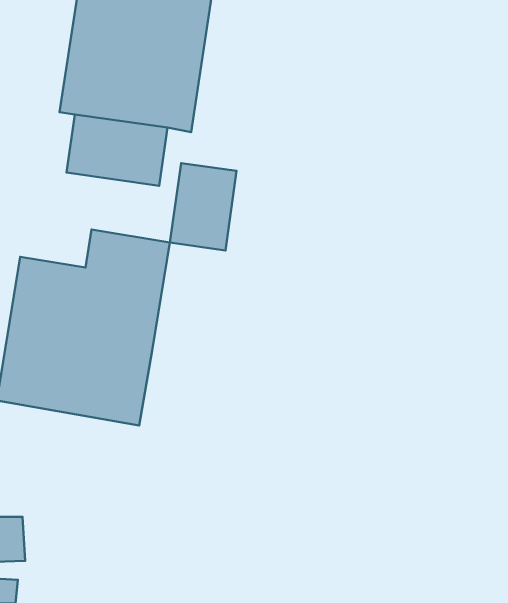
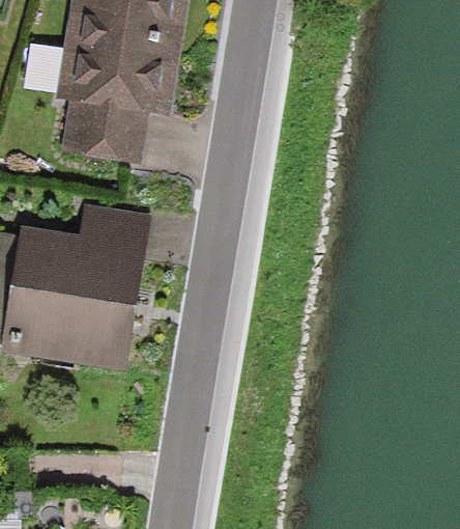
building: [170,163,237,250] -> none

